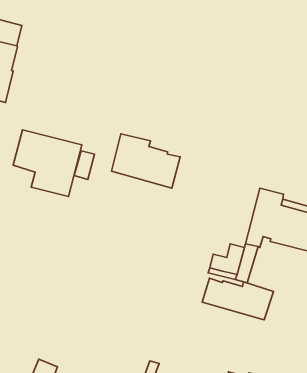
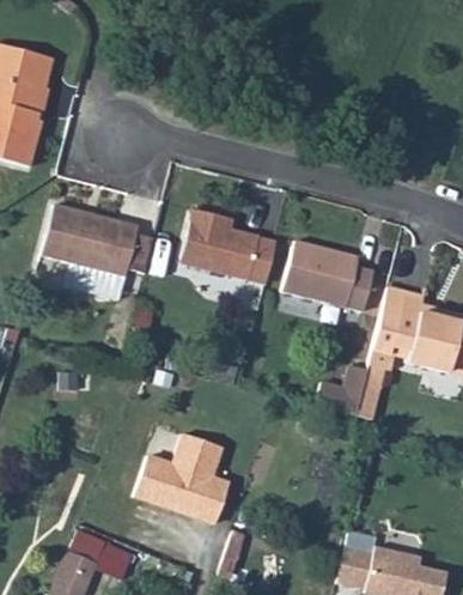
building: none -> [281,239,372,312]
building: [202,278,273,320] -> none
building: none -> [136,436,232,526]

